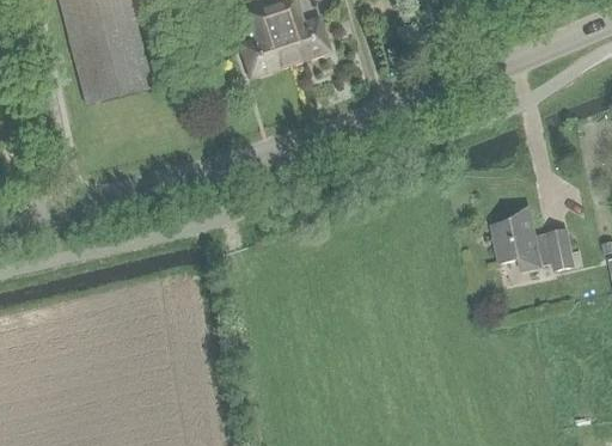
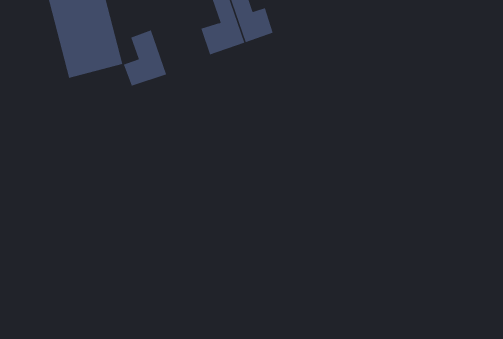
building: none -> [123,30,167,87]
building: [492,202,576,268] -> none

